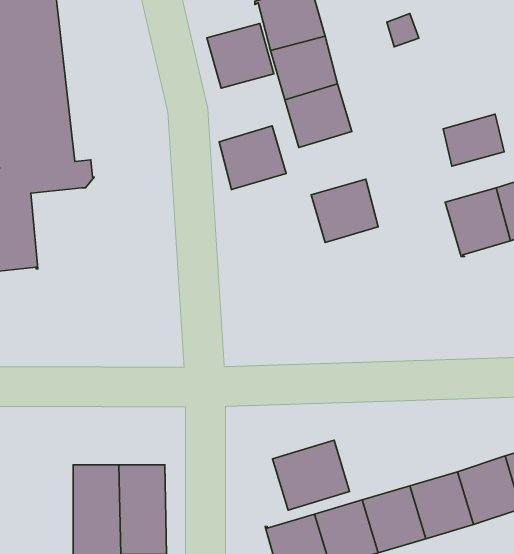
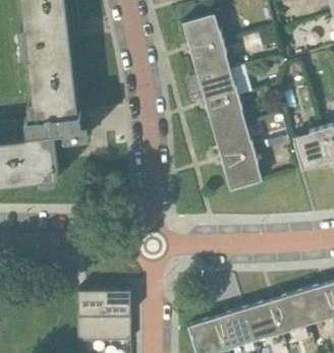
building: [207,23,274,88] -> none
building: [443,114,504,166] -> none
building: [219,126,286,189] -> [208,99,246,135]
building: none -> [223,154,262,192]
building: [273,440,350,510] -> none

